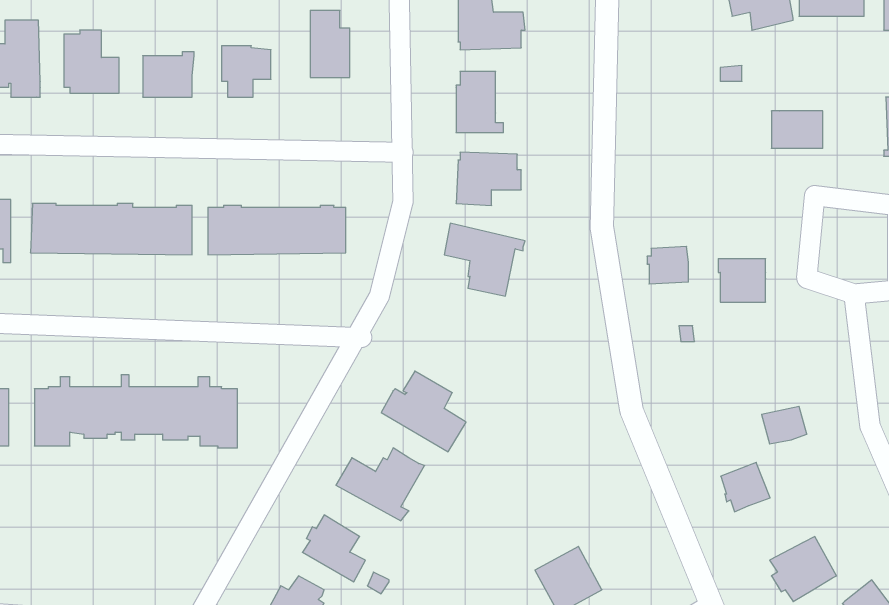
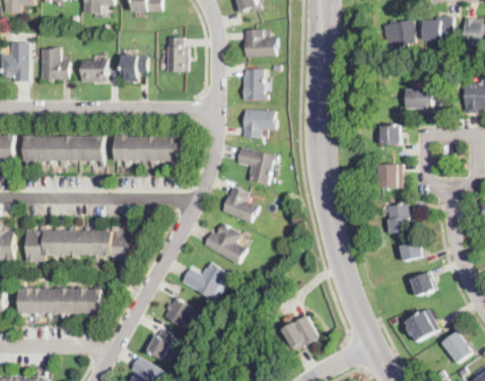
building: [647,246,688,284] -> [379,125,401,144]
building: none -> [222,186,258,223]
building: none -> [387,204,410,233]
building: [721,462,770,512] -> [410,271,435,297]
building: none -> [18,288,99,317]

